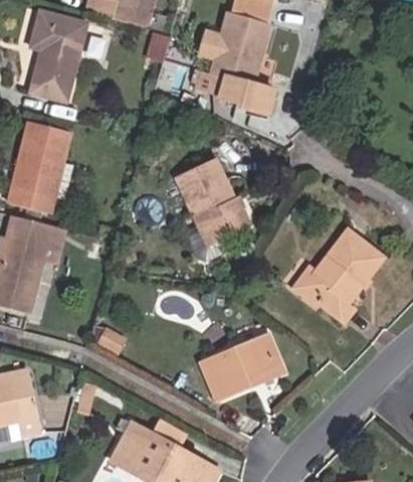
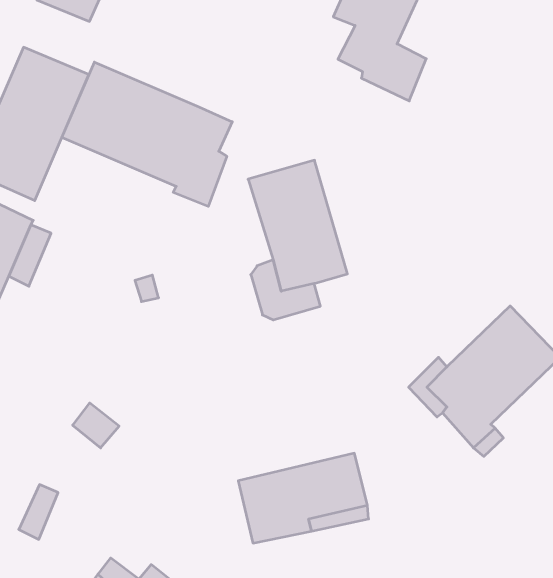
building: none -> [62,62,232,206]

